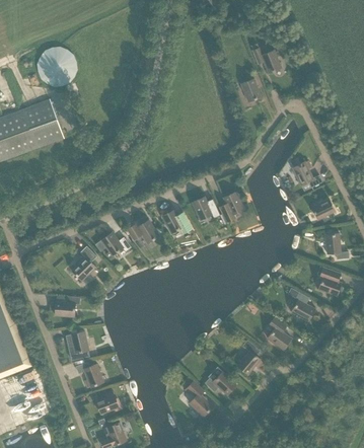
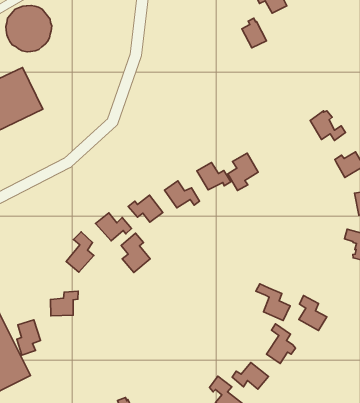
building: none -> [121,233,150,273]
building: [286,287,314,320] -> [256,284,290,321]
building: [68,330,88,360] -> [17,320,40,355]
building: [75,362,102,387] -> none

